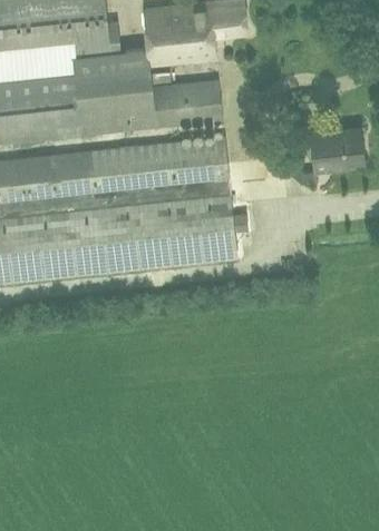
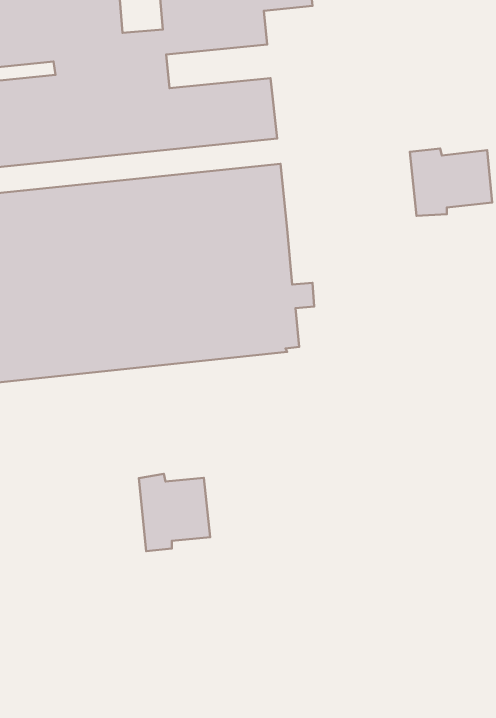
building: none -> [139,474,210,551]

